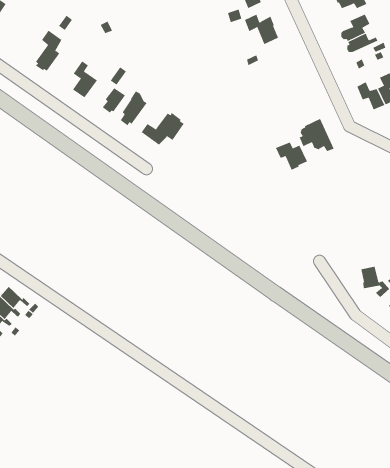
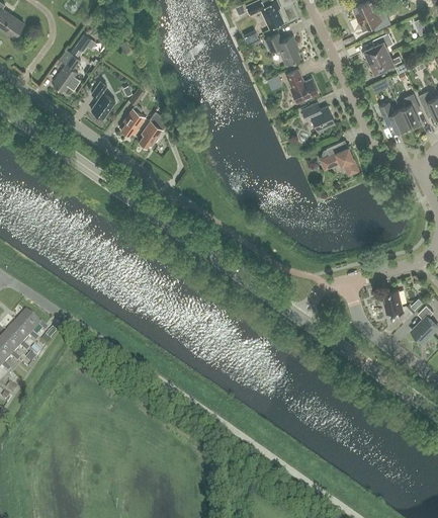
building: none -> [284,69,318,103]
building: [141,112,184,145] -> none
building: [275,142,308,171] -> [300,103,334,133]

